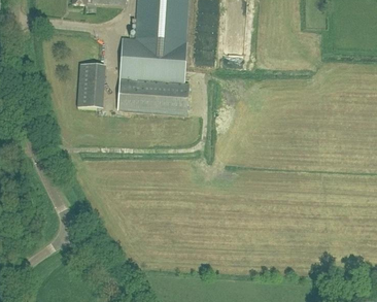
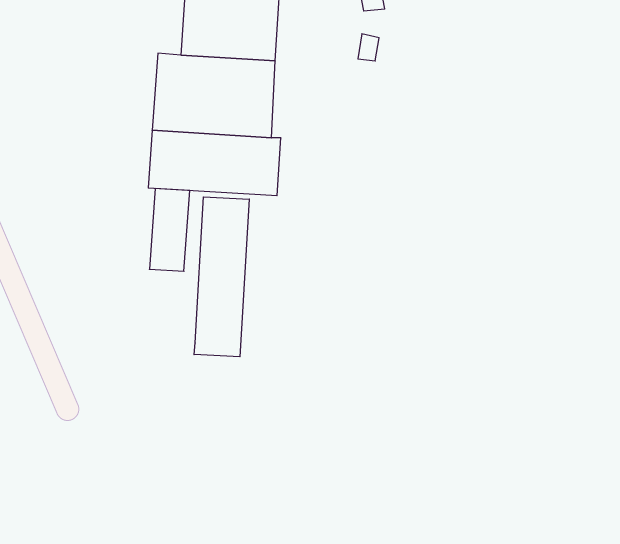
building: [77,63,99,107] -> [149,188,190,271]
building: none -> [194,197,249,357]

